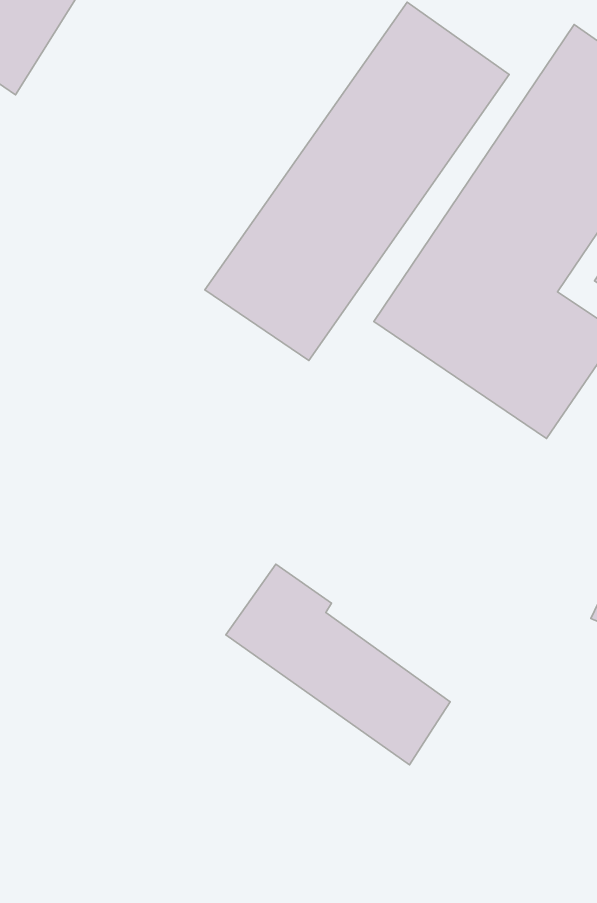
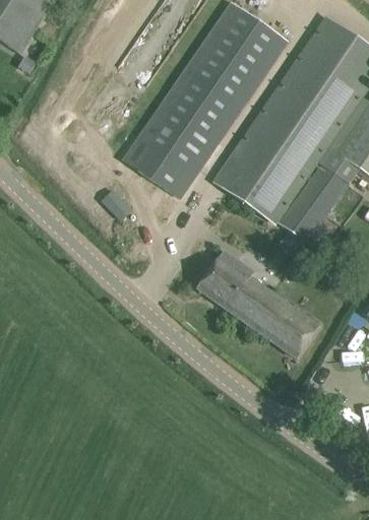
building: none -> [102,184,134,220]
building: [226,564,450,765] -> [196,249,319,359]

